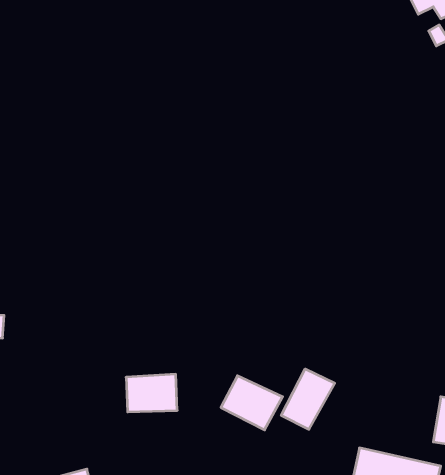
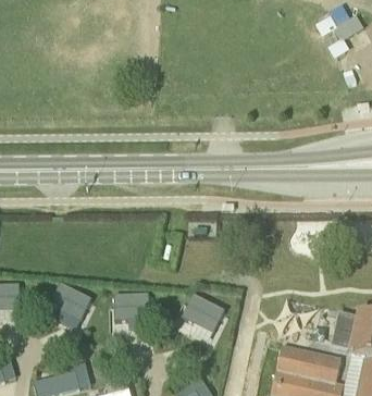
building: none -> [49,283,92,322]
building: [281,369,335,429] -> none

